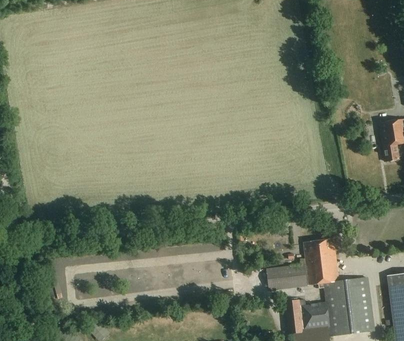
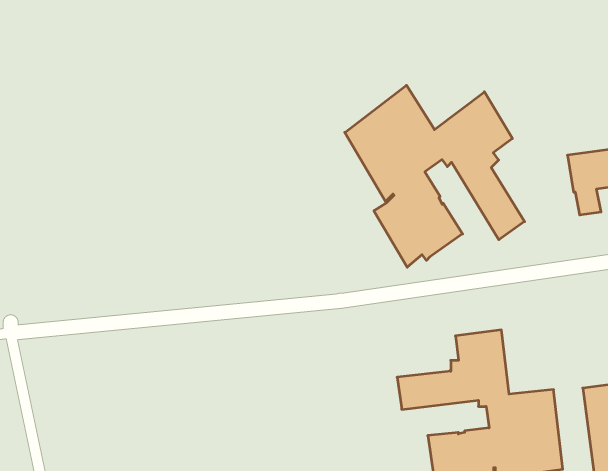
building: none -> [345,85,525,267]

